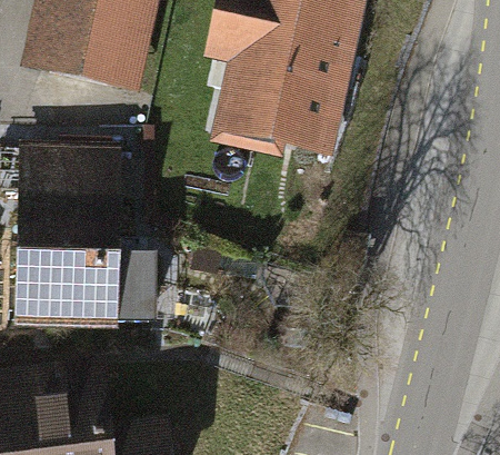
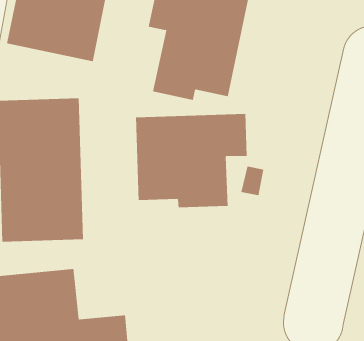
building: none -> [136,113,247,208]

